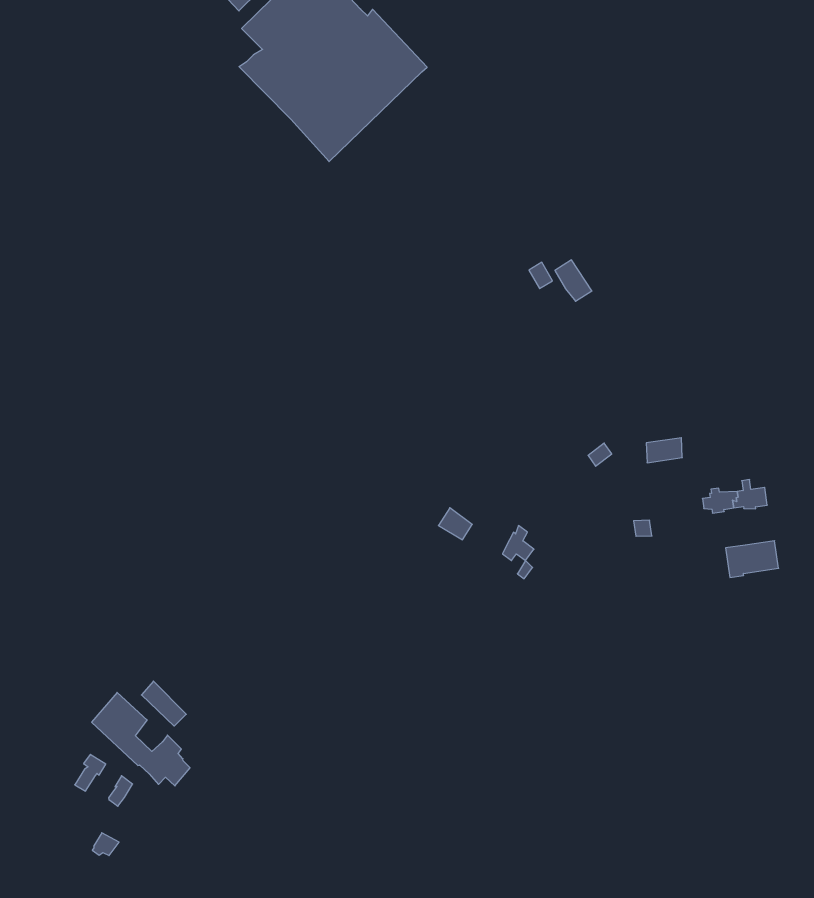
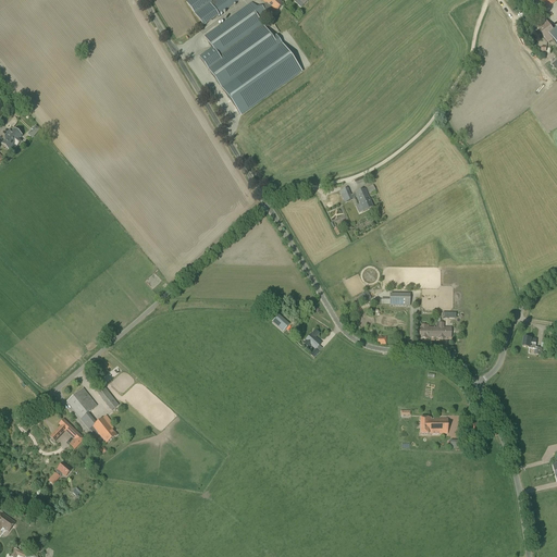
building: [726,541,779,577] -> [420,417,447,433]

